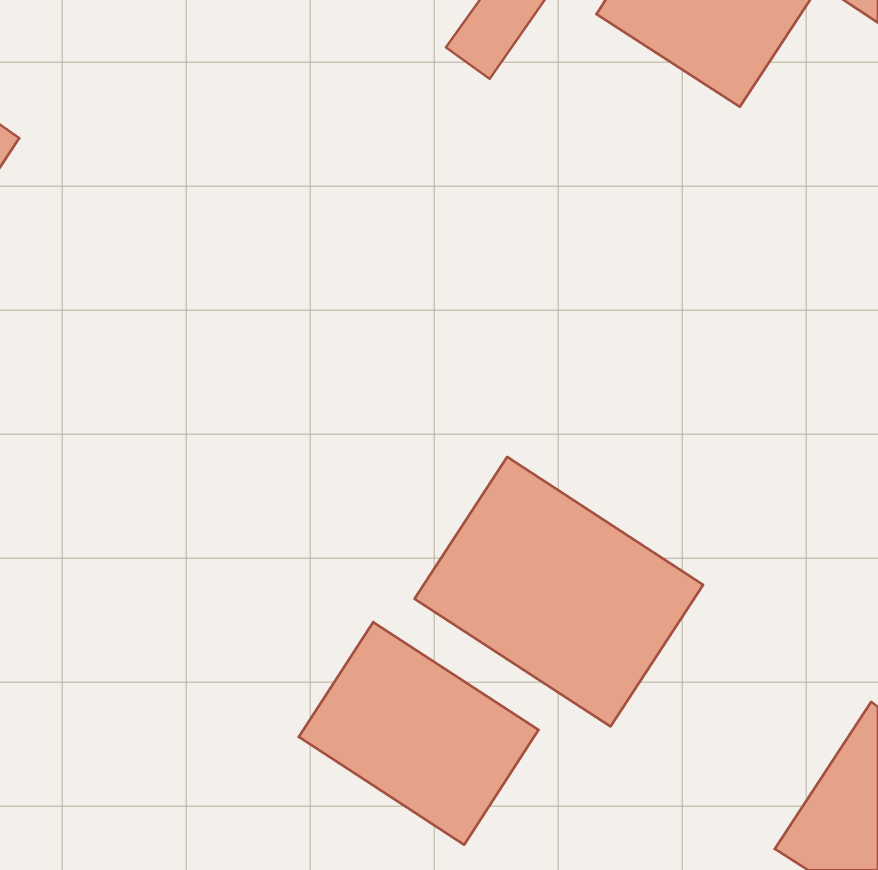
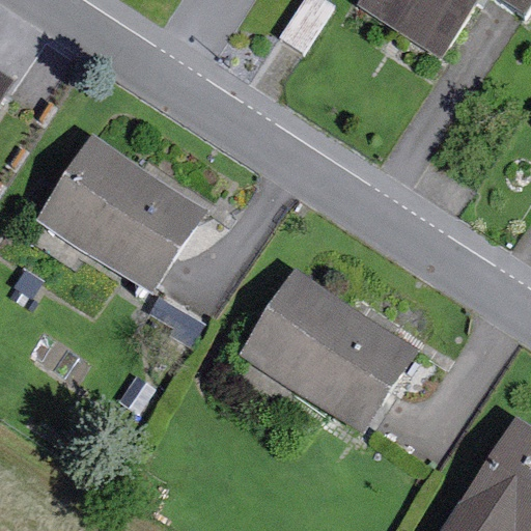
building: none -> [36,136,201,290]
building: [299,622,539,845] -> none

